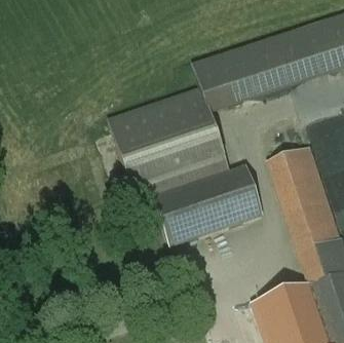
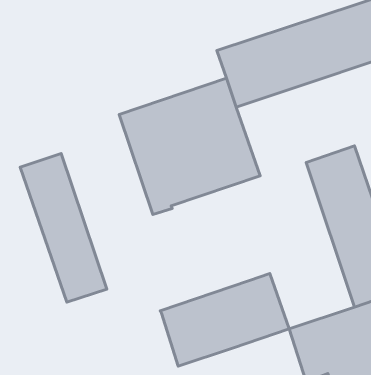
building: none -> [20,153,107,302]
building: [153,164,263,243] -> [160,273,289,366]

